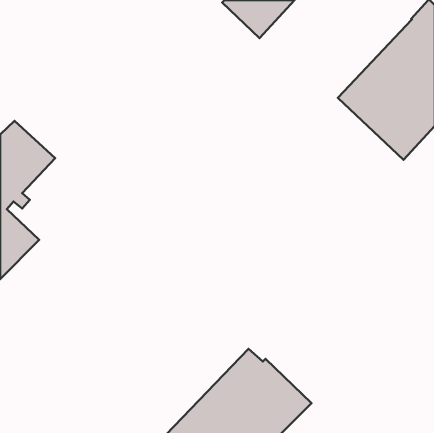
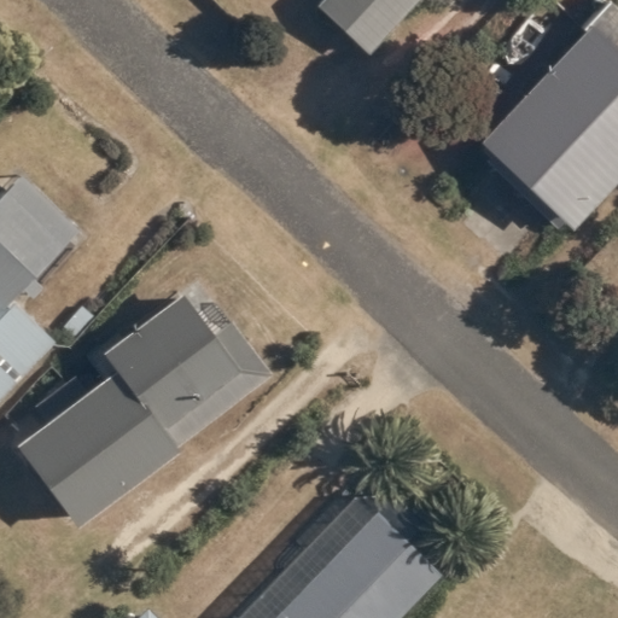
building: none -> [16,295,272,526]

